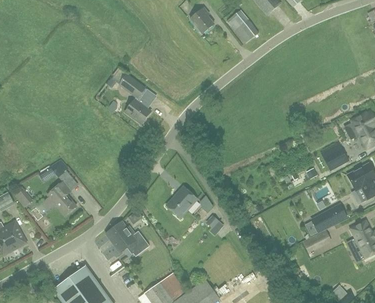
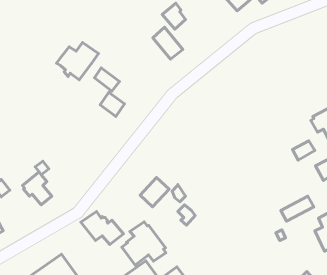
building: [227,10,258,43] -> [153,27,183,59]
building: none -> [57,42,98,80]
building: none -> [122,222,166,265]

